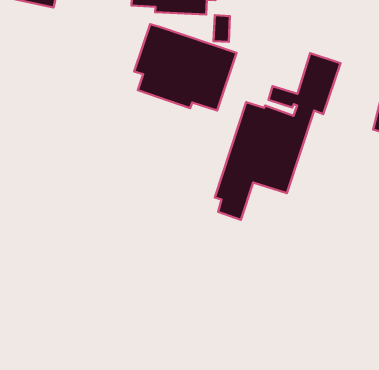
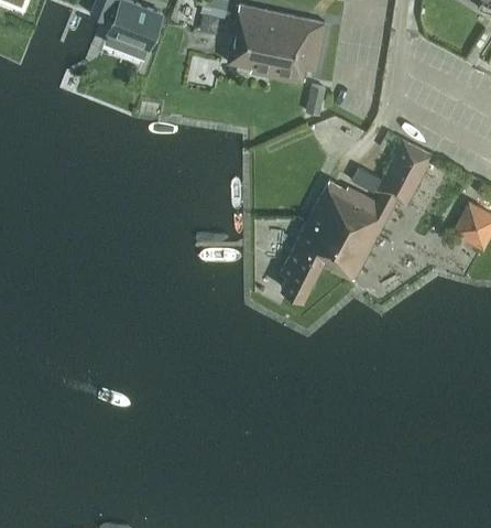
building: [134,24,237,110] -> none

